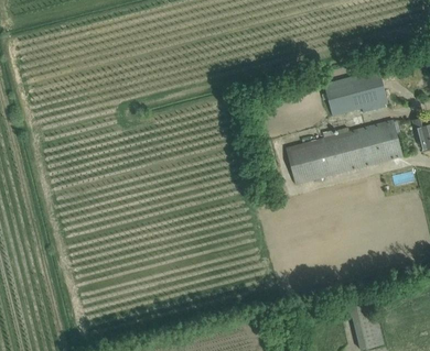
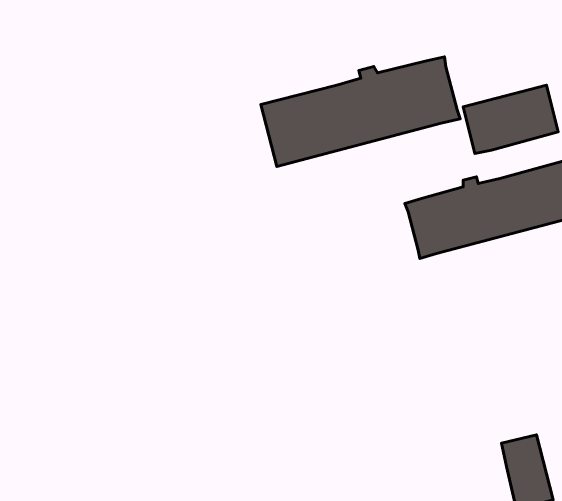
building: none -> [261,57,460,166]

